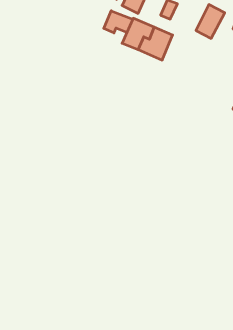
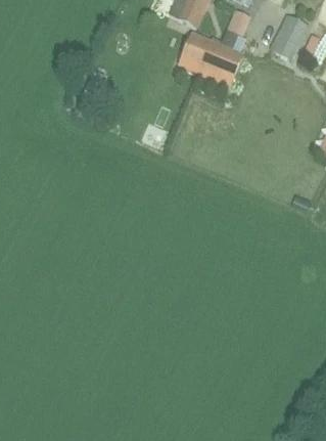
building: [104,11,133,33] -> none

